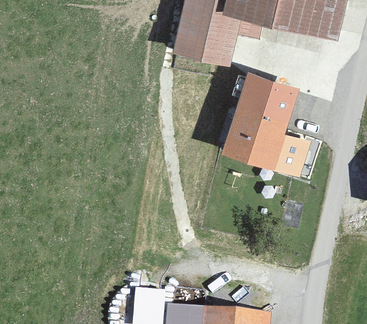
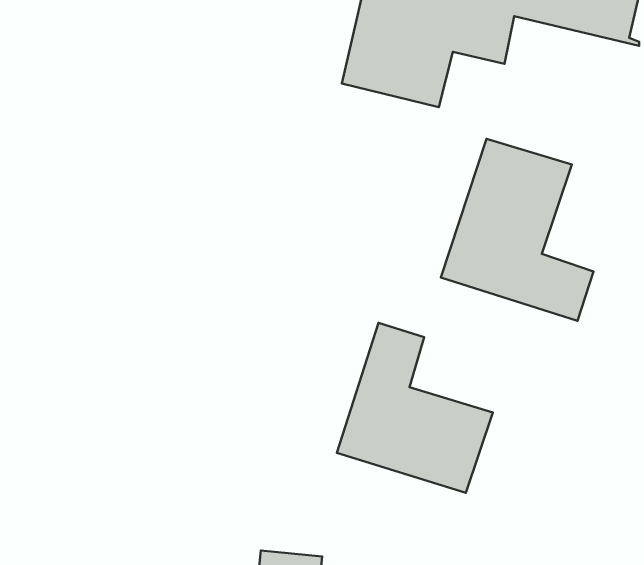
building: none -> [337,323,493,493]

